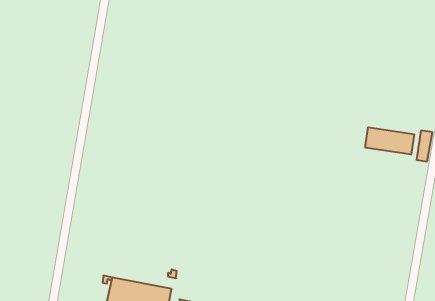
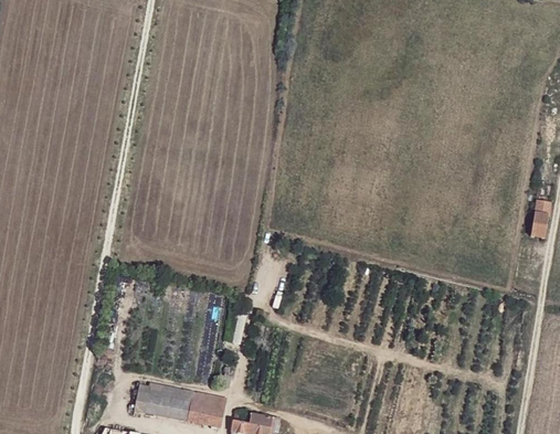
building: [365,127,414,155] -> none

